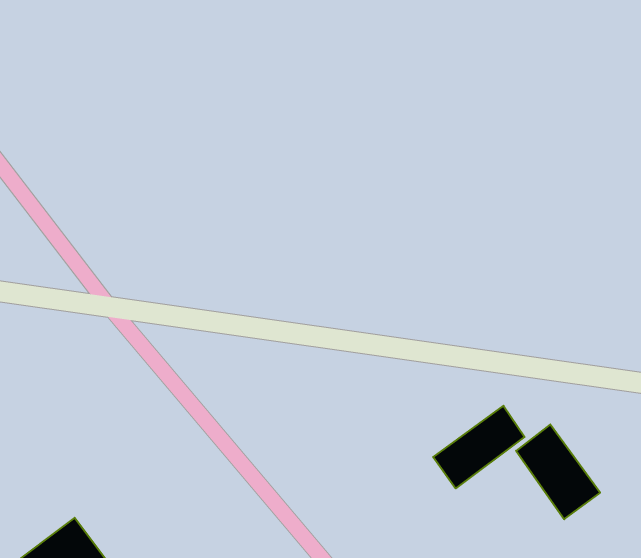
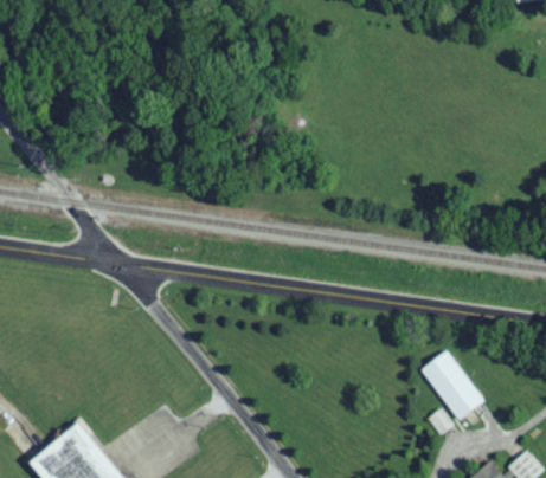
building: [433,406,525,488] -> none

